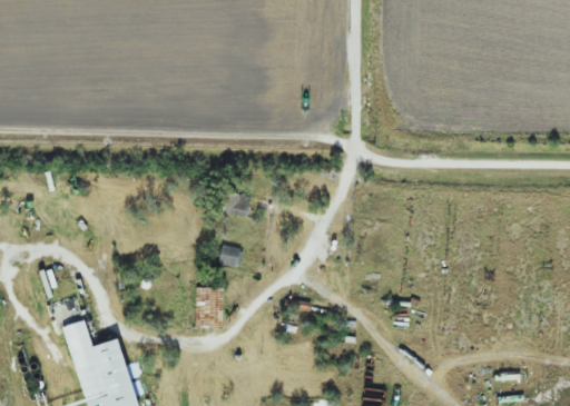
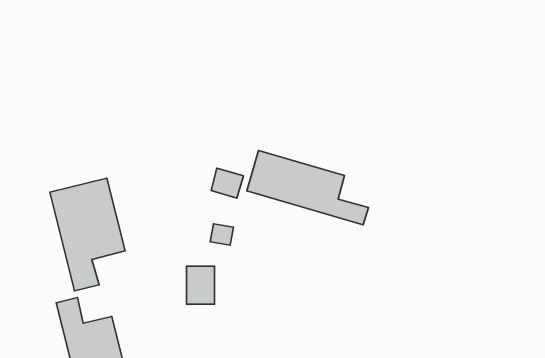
building: none -> [247,150,369,225]
building: none -> [50,178,125,291]

